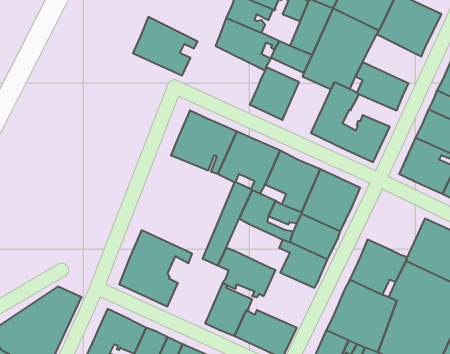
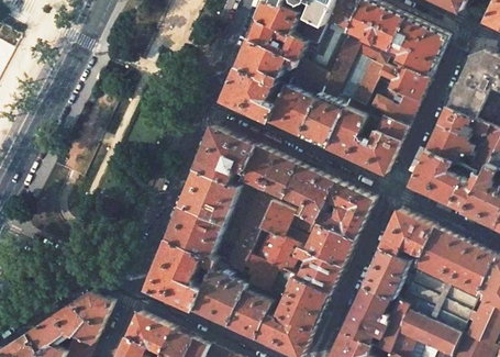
building: none -> [279,33,315,67]
building: [133,17,198,75] -> [222,67,282,122]
building: none -> [374,56,429,102]
building: none -> [299,96,344,148]
building: none -> [363,116,405,143]
building: none -> [167,169,238,259]
building: none -> [378,212,432,265]
building: none -> [255,233,299,275]
building: none -> [191,270,245,326]
building: none -> [275,277,329,331]

